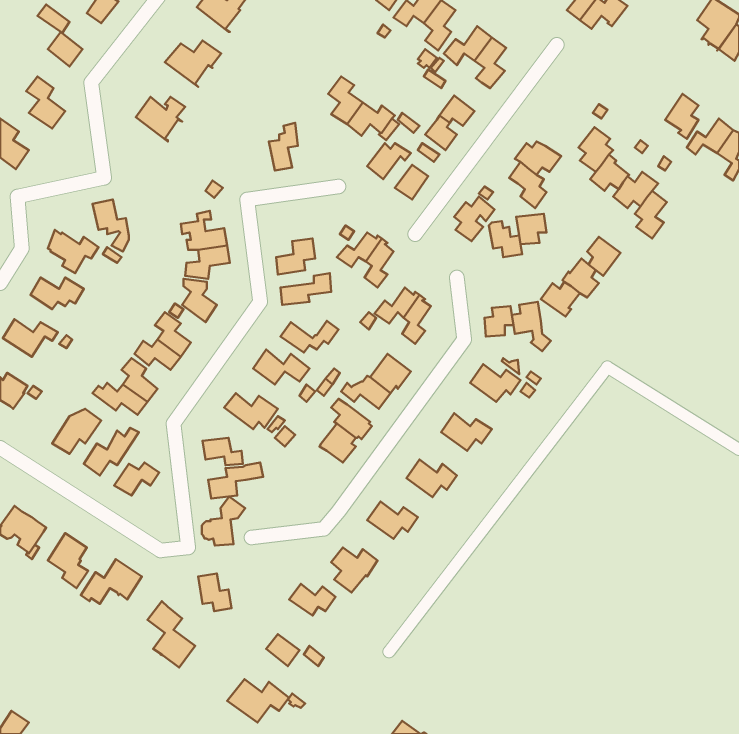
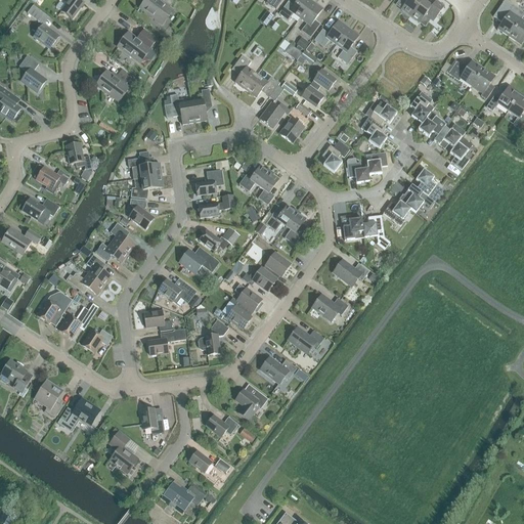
building: none -> [446,58,483,85]
building: none -> [164,93,194,123]
building: [202,496,245,546] -> [198,318,228,353]

